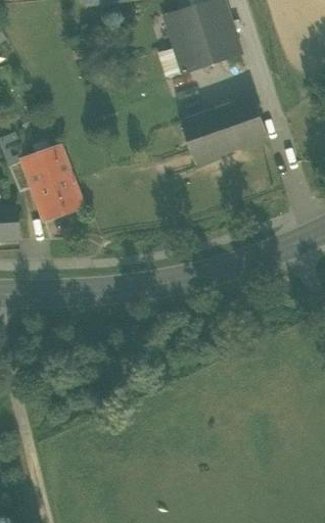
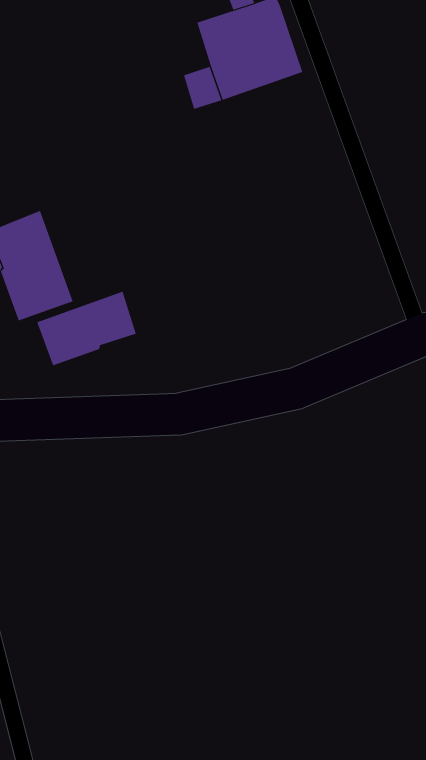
building: [180,95,268,163] -> none
building: none -> [37,291,136,366]

